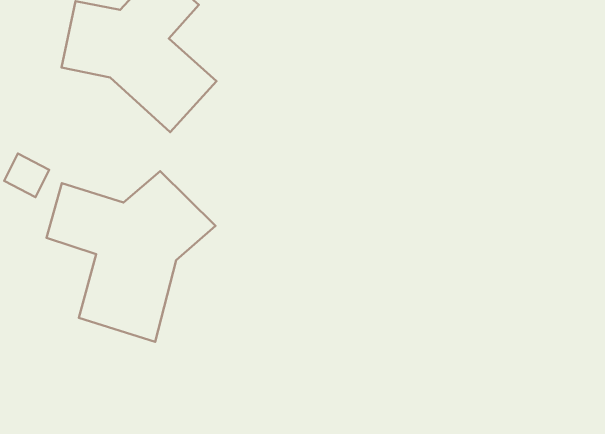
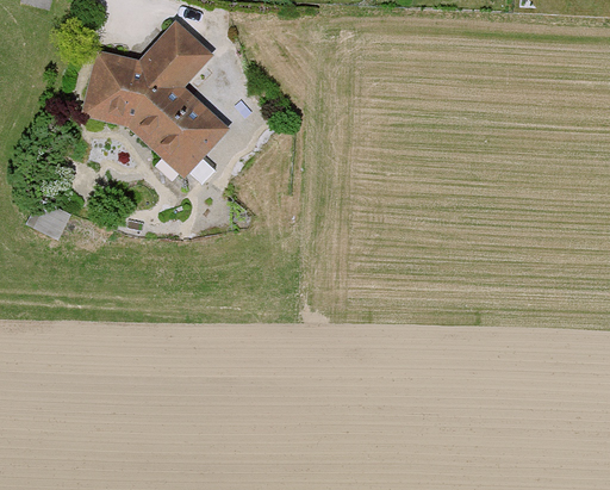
building: [46,171,215,342] -> none

